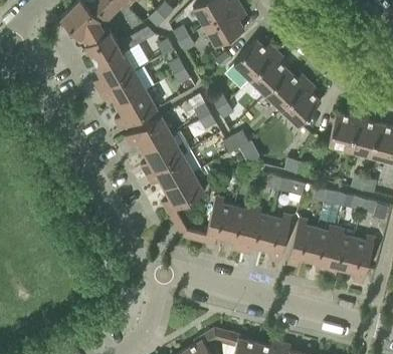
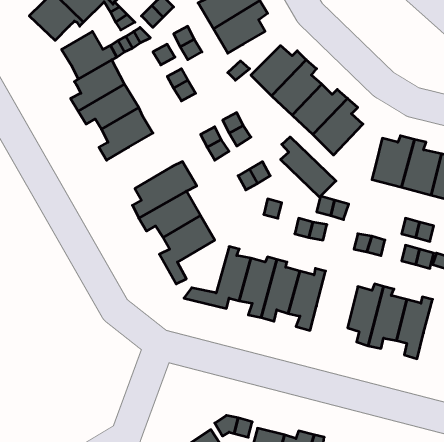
building: none -> [281,137,336,197]
building: [125,115,172,151] -> none
building: [287,218,317,267] -> none

